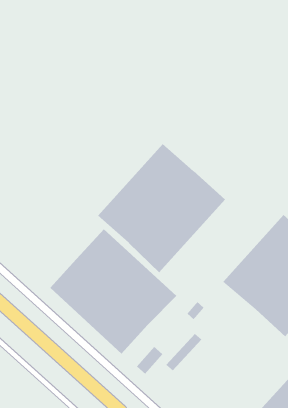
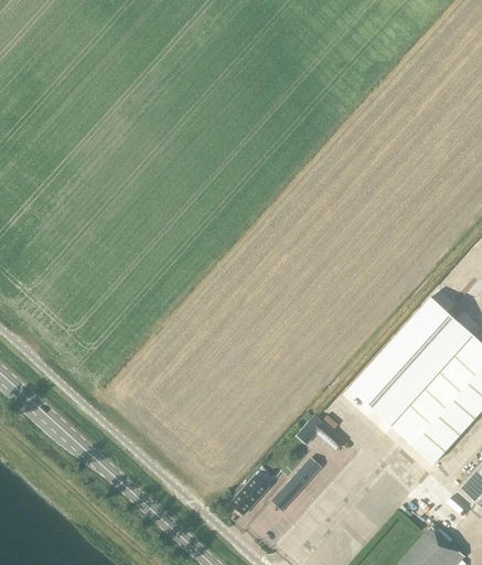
building: [97,143,226,273] -> none
building: [49,229,177,355] -> none

